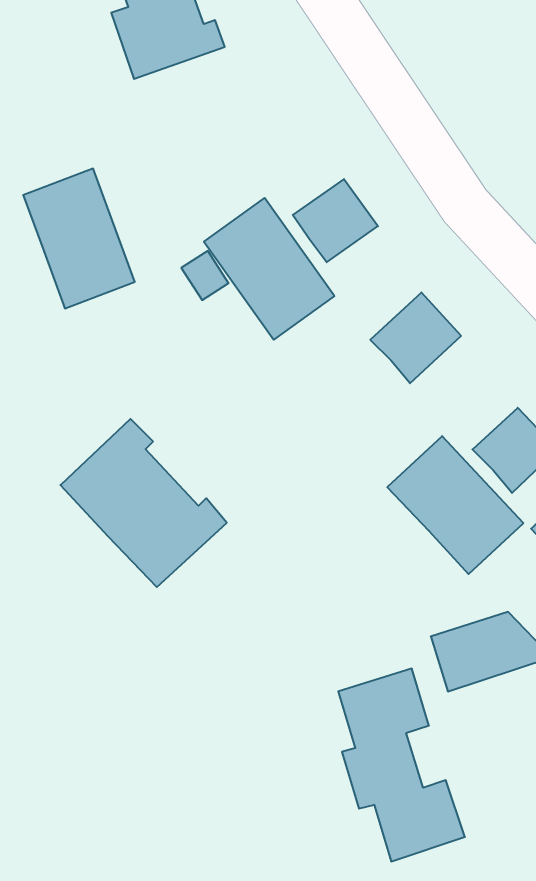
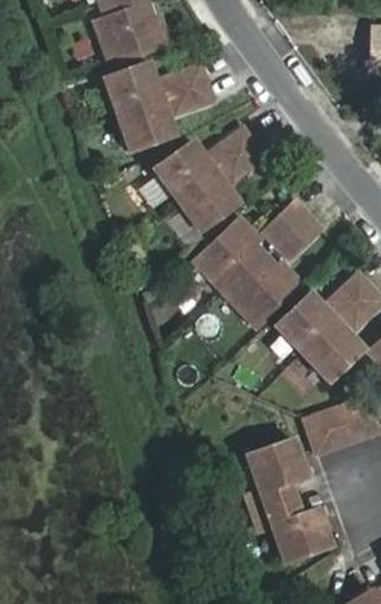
building: none -> [164,64,215,113]
building: [23,169,135,308] -> [105,63,176,152]
building: [60,419,227,587] -> [194,217,300,324]

